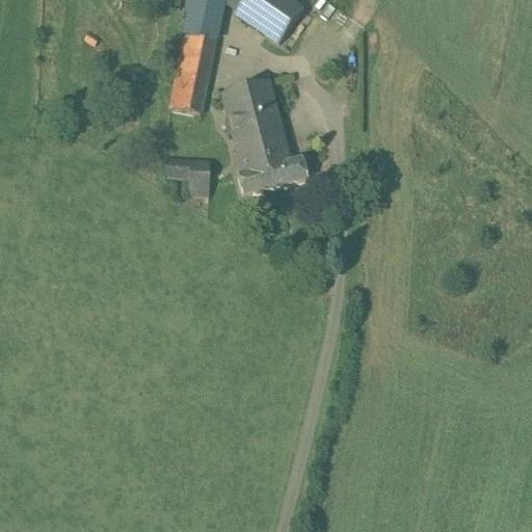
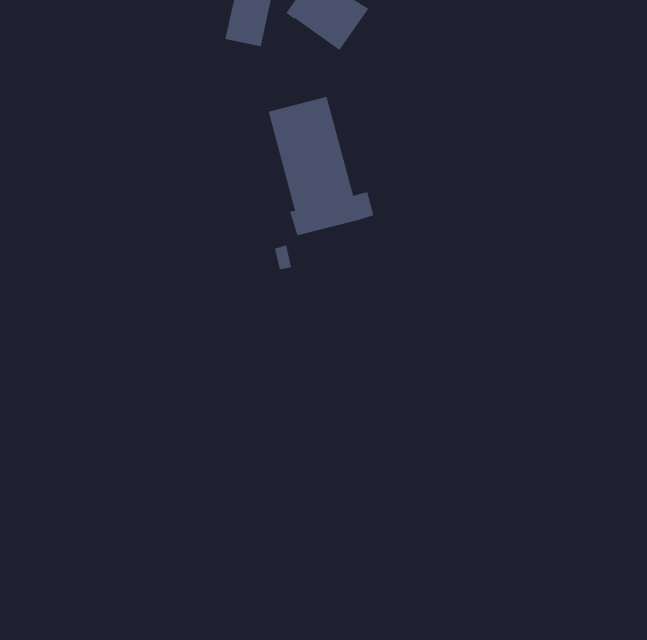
building: [170,32,215,111] -> none
building: [165,158,211,194] -> none

